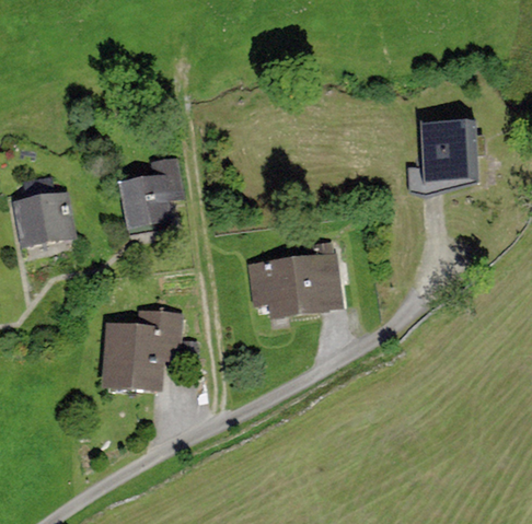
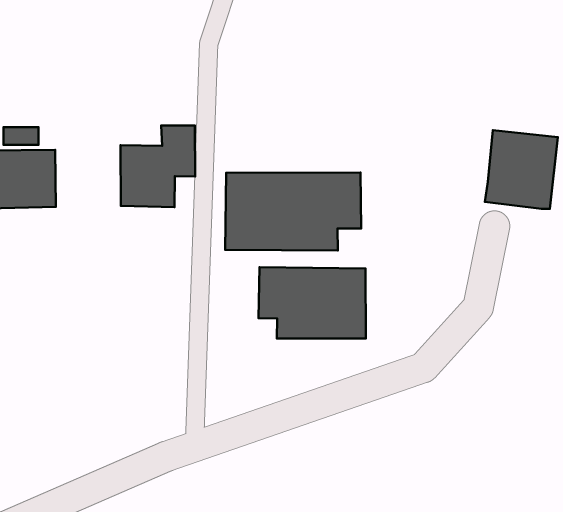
building: none -> [225,172,361,251]
building: [101,307,184,393] -> none

